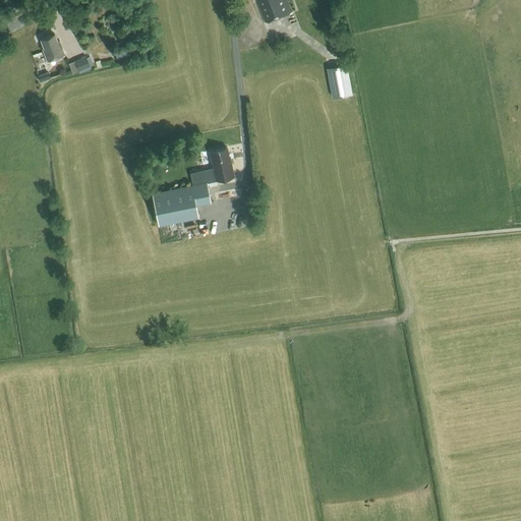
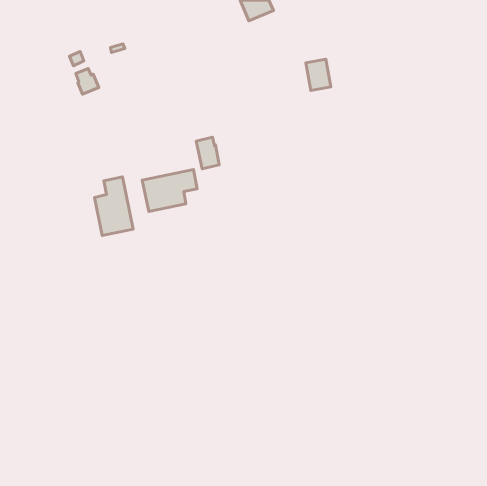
building: [41,35,65,62] -> [76,69,99,94]
building: none -> [94,177,133,235]

